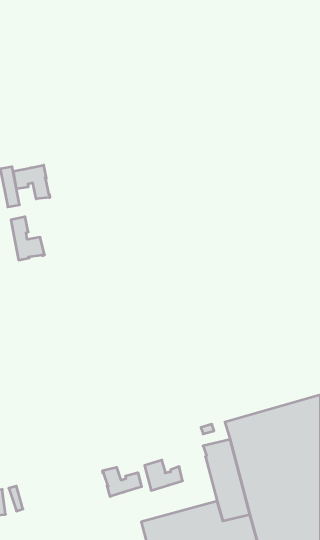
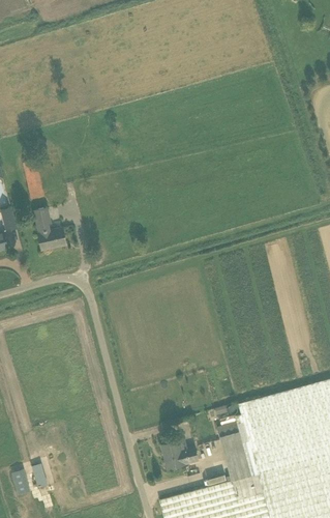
building: [13,165,50,199] -> none
building: [103,467,142,497] -> none

